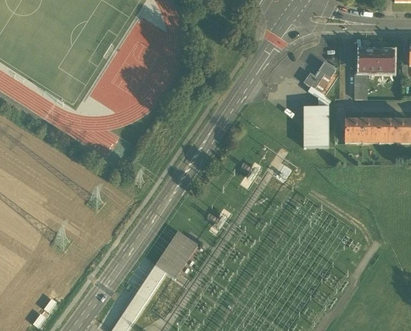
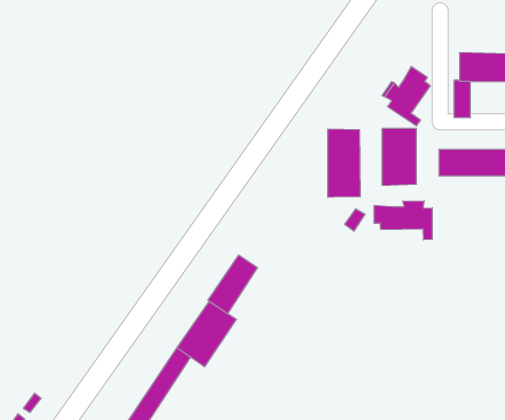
building: none -> [328,129,360,197]
building: none -> [374,201,432,240]
building: none -> [208,255,257,314]

